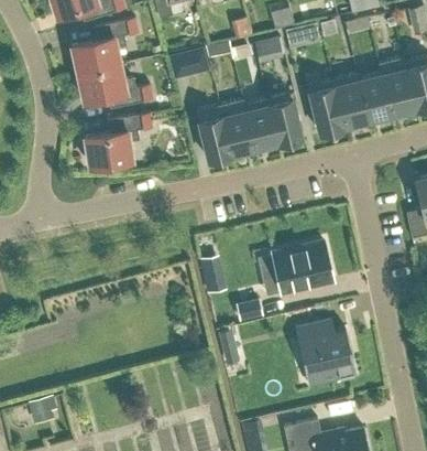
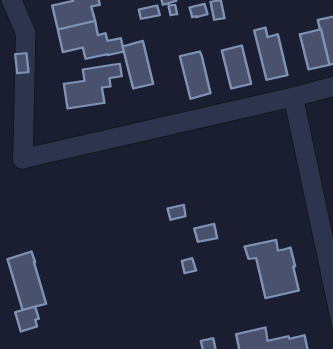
building: [332,74,368,128] -> none
building: [244,99,278,149] -> none
building: [196,106,231,161] -> [123,41,153,88]
building: [272,243,332,293] -> none
building: none -> [8,251,46,310]

